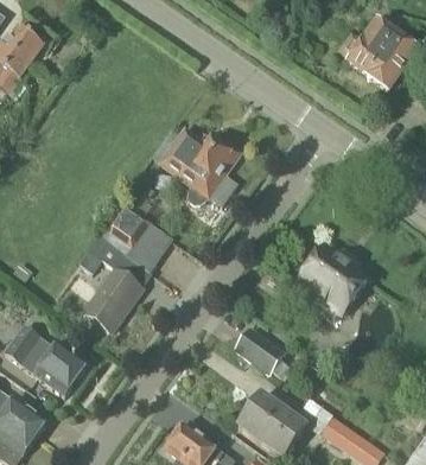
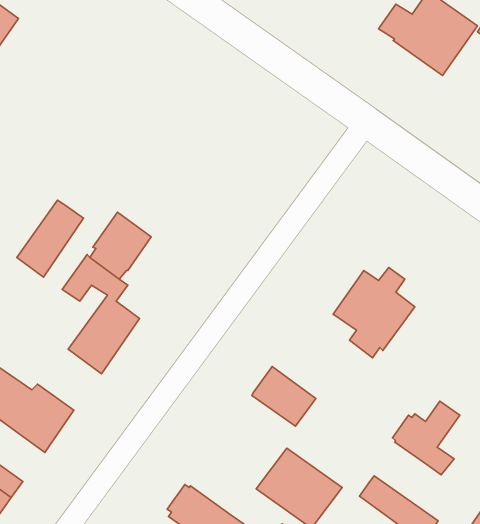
building: [154,129,240,206] -> none
building: none -> [17,200,83,277]
building: [132,224,173,267] -> none
building: none -> [392,401,460,475]

